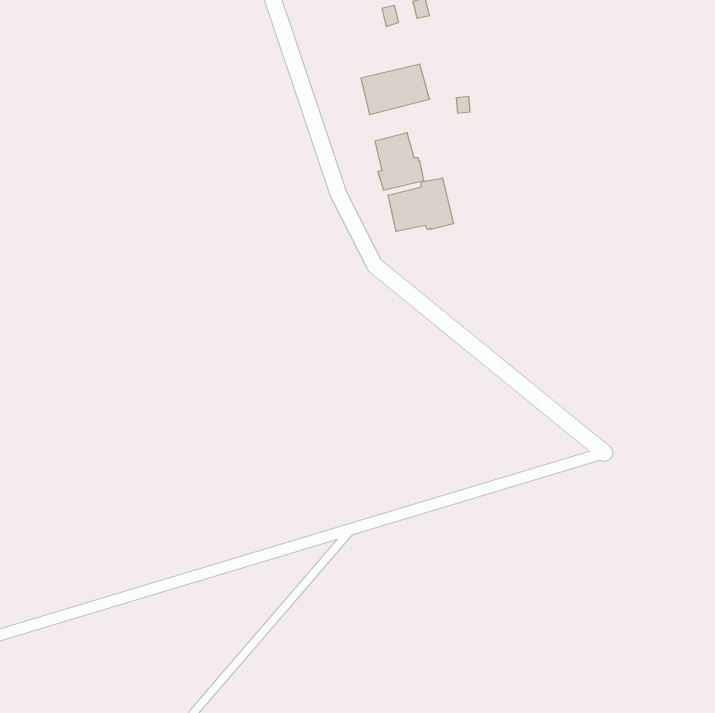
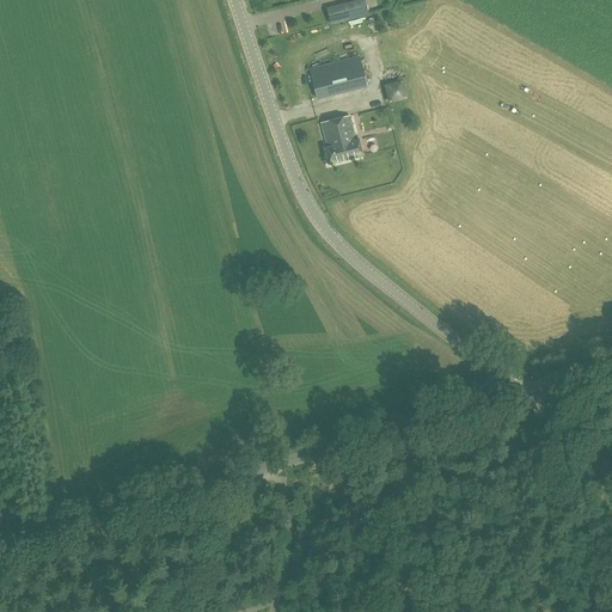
building: [388,178,453,232] -> none

